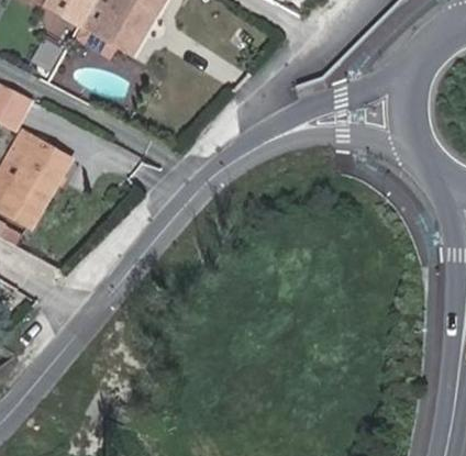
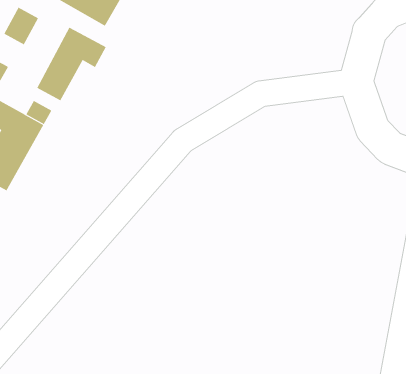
building: none -> [36,27,107,101]

